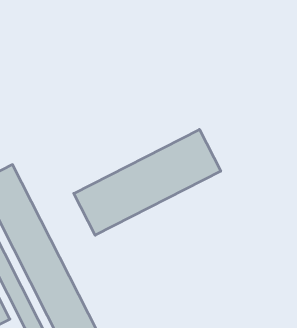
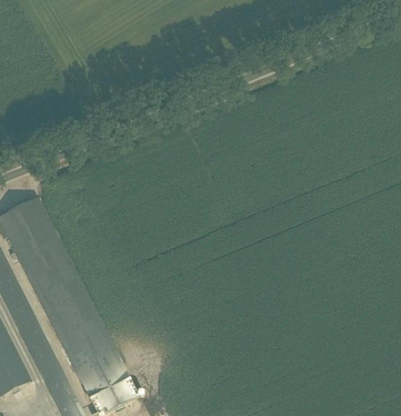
building: [74,129,221,235] -> none

